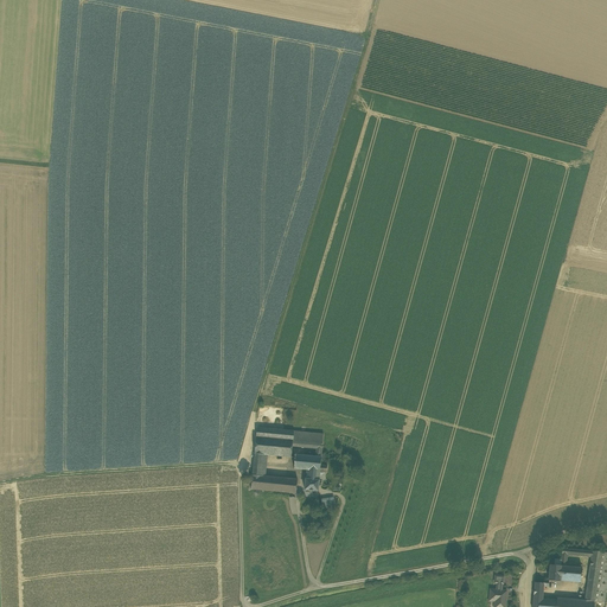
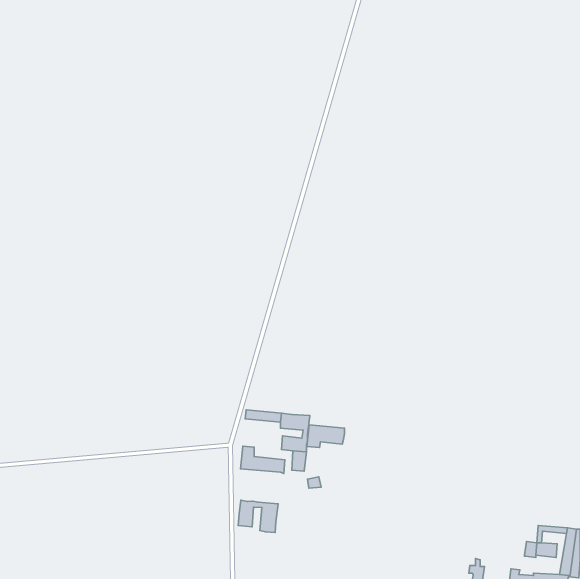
building: [254,439,293,462] -> [307,425,344,447]
building: none -> [238,500,278,532]

